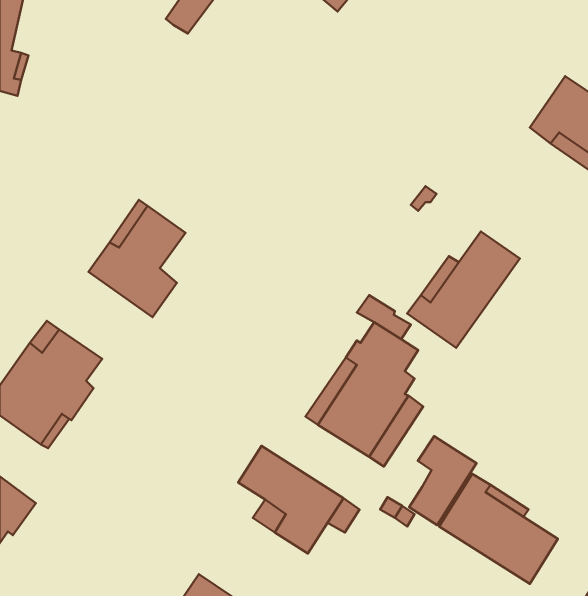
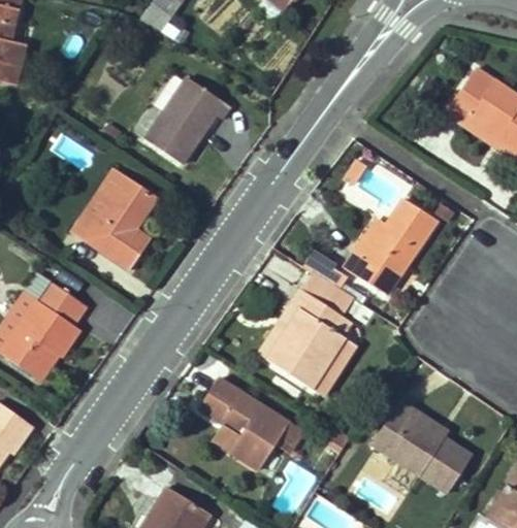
building: none -> [146,76,229,163]
building: [409,436,477,525] -> none

